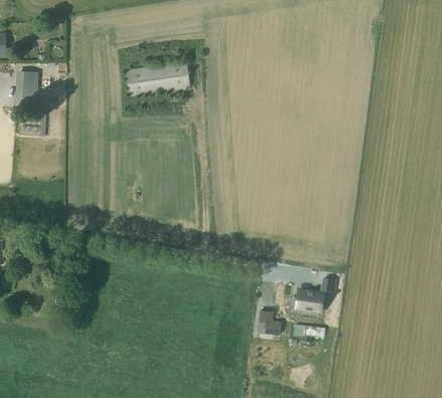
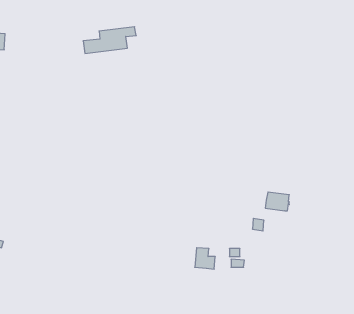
building: [295,290,322,312] -> [265,192,289,211]

